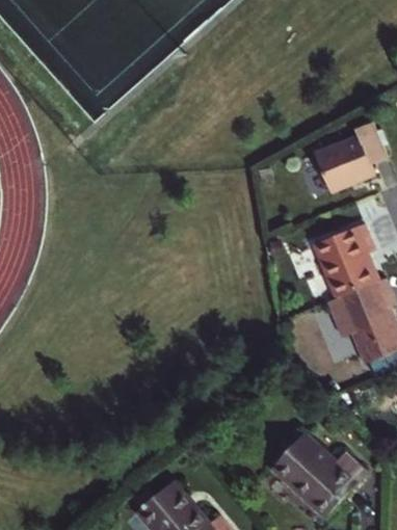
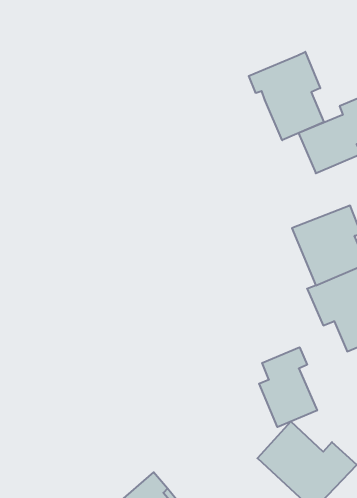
building: none -> [249,52,324,140]
building: none -> [259,347,317,427]

